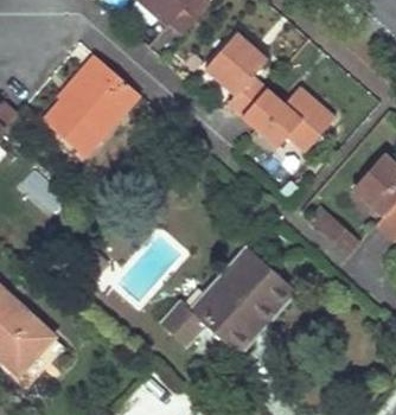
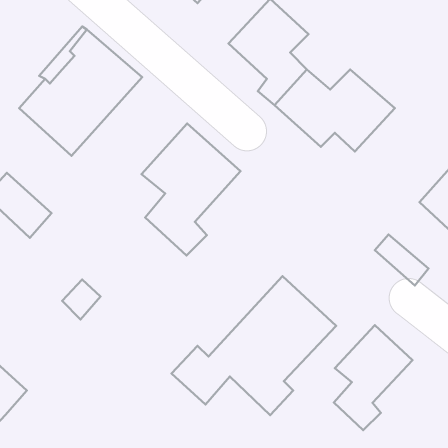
building: none -> [141,124,240,255]
building: none -> [334,325,413,430]

